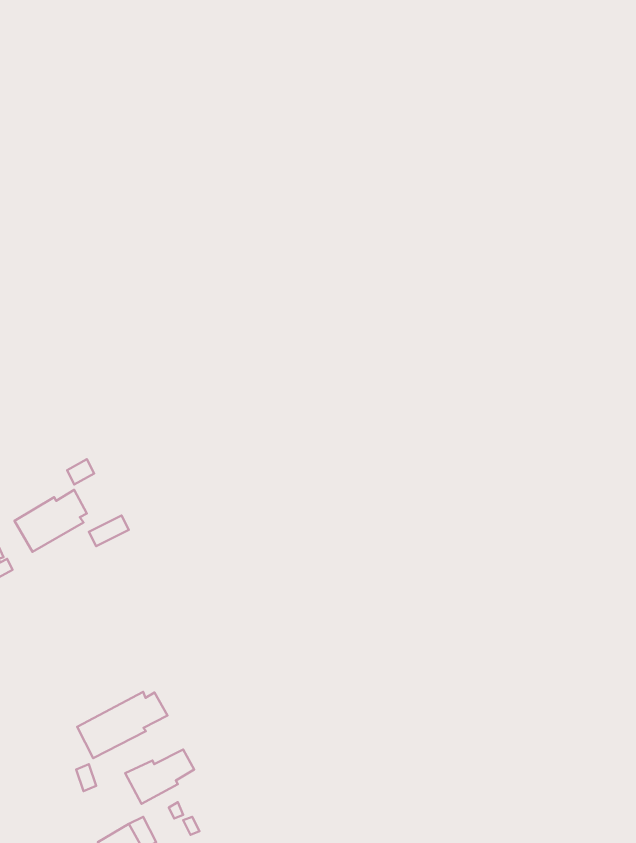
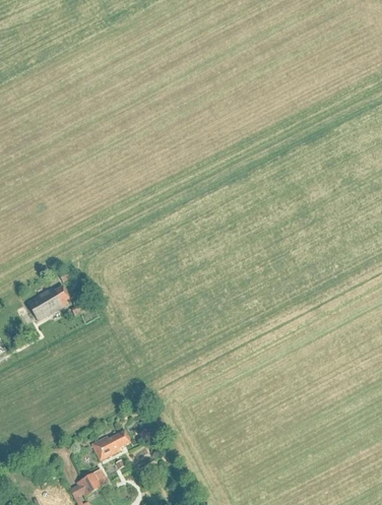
building: [77,692,168,758] -> none

